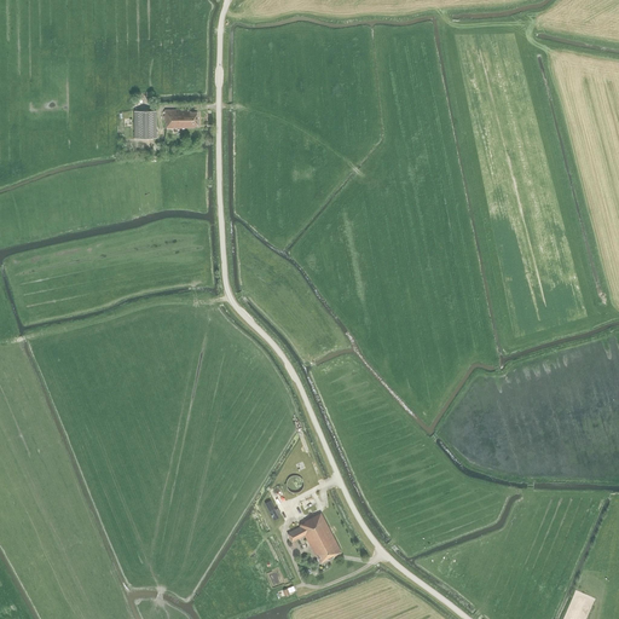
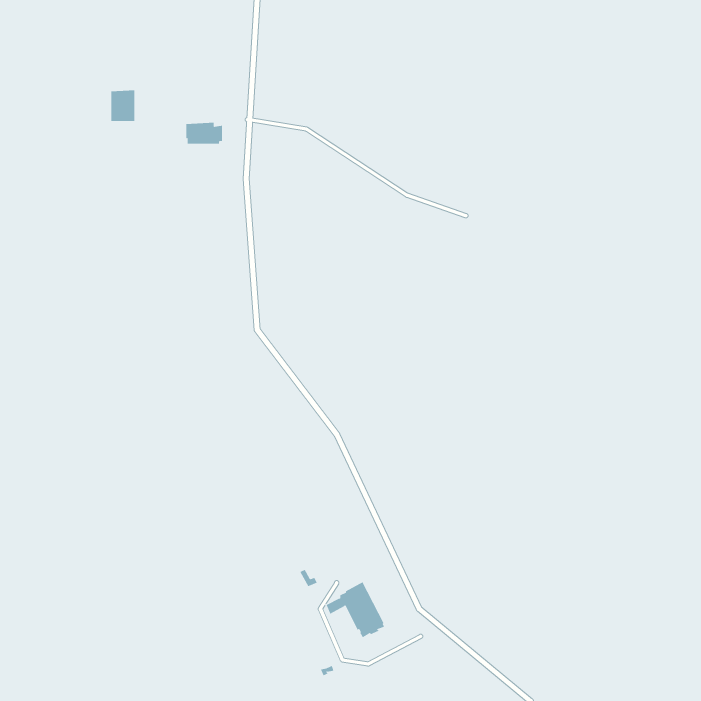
building: [133,109,155,137] -> [111,90,135,121]

